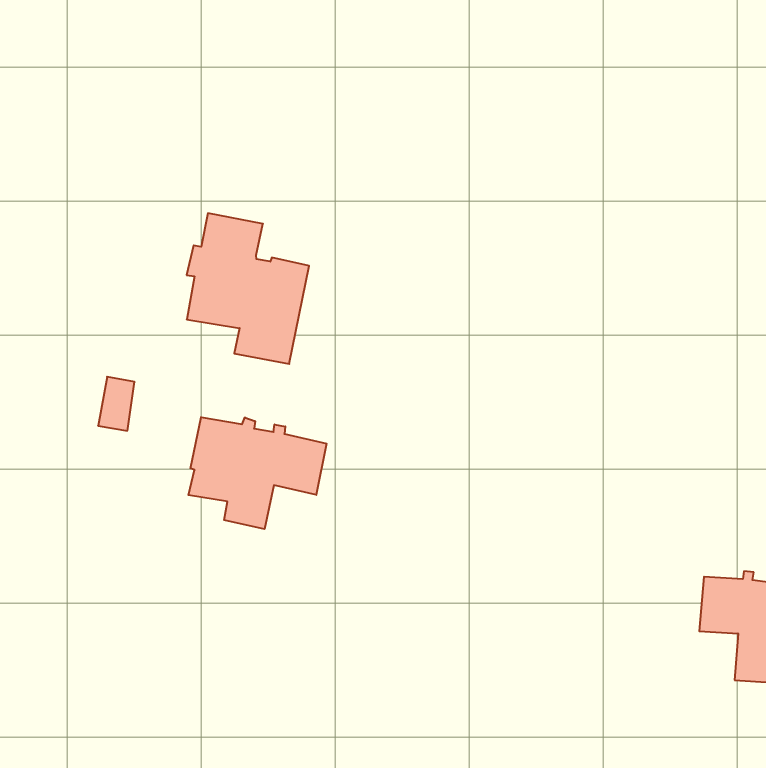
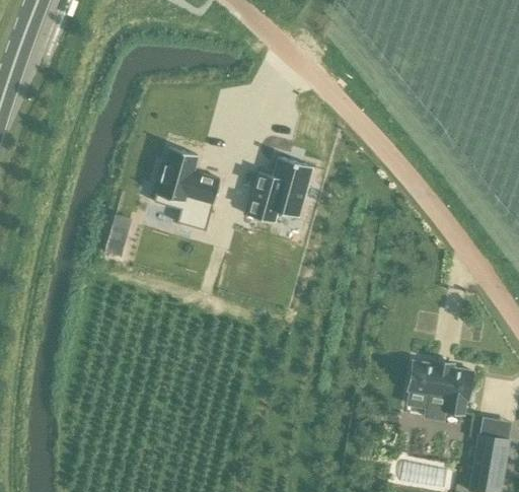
building: none -> [246,156,311,222]
building: [188,417,327,529] -> none

